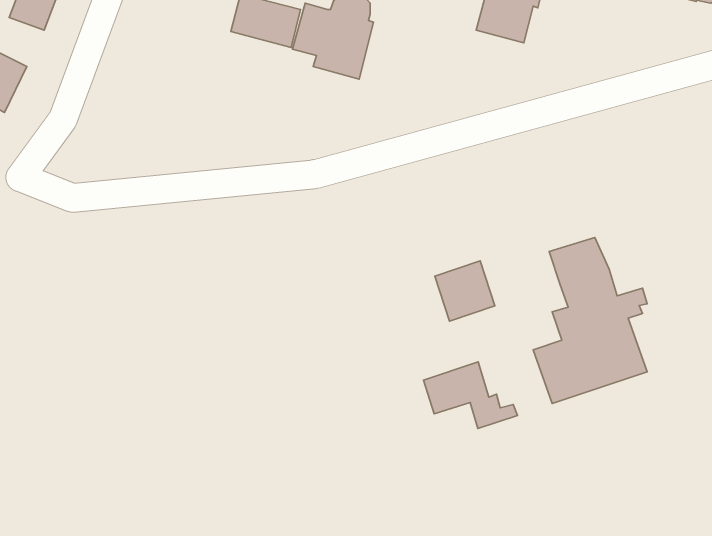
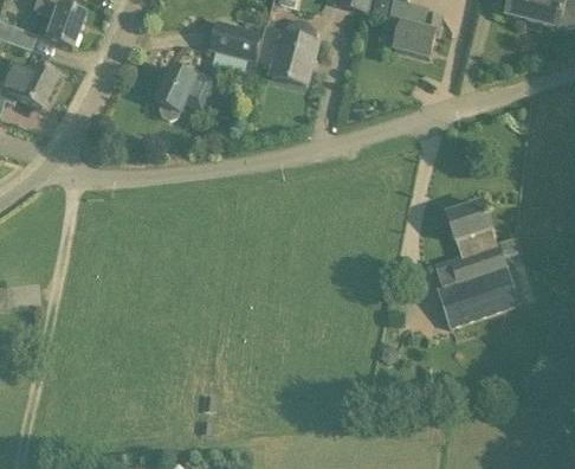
building: none -> [151,65,214,120]
building: [435,261,495,321] -> none
building: [424,362,518,429] -> none

